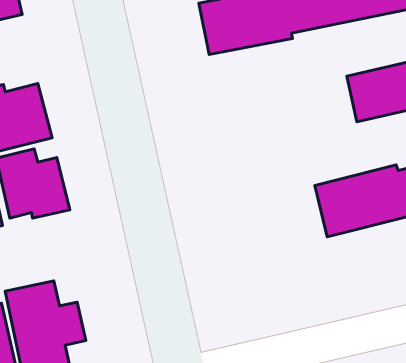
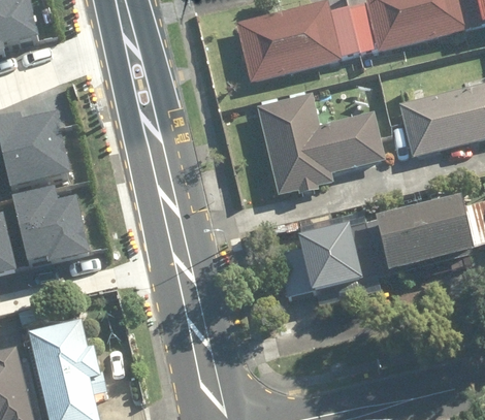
building: none -> [255,94,385,196]
building: none -> [280,205,362,298]

